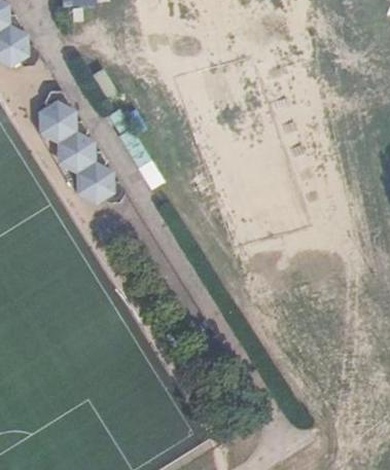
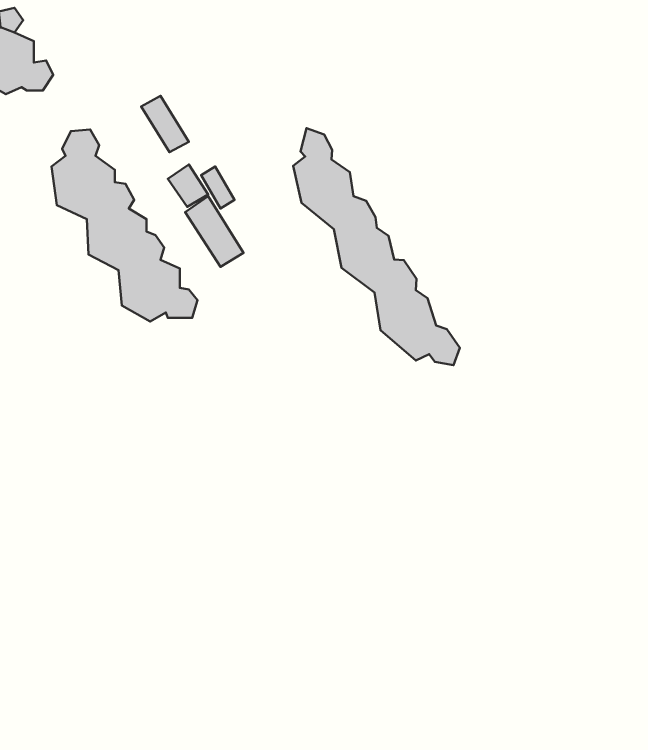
building: none -> [293,128,460,365]

